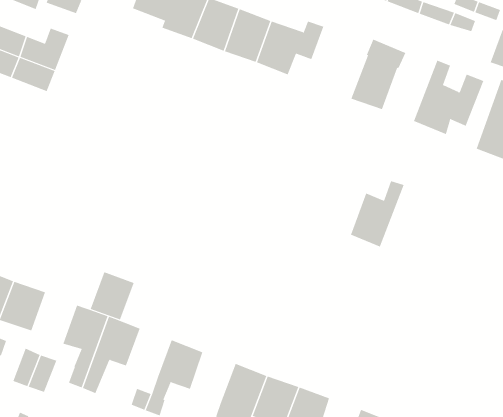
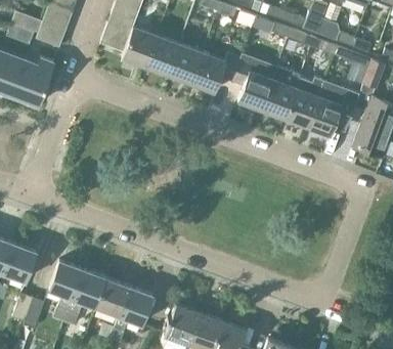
building: none -> [232,56,273,110]
building: [350,181,404,247] -> [285,78,324,127]
building: [90,272,134,320] -> [96,278,129,314]

